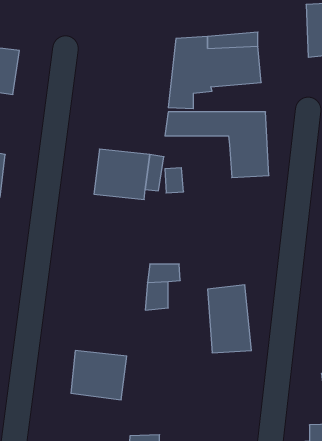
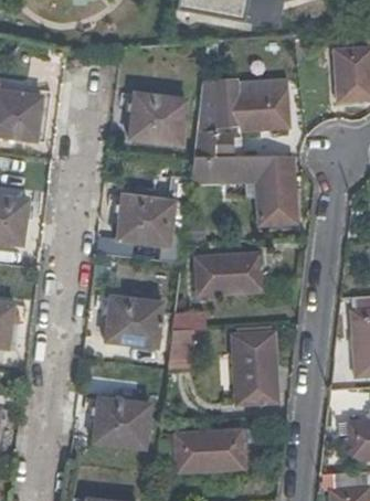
building: none -> [128,94,186,142]
building: none -> [194,253,263,295]
building: none -> [105,297,161,347]
building: none -> [157,430,244,473]

